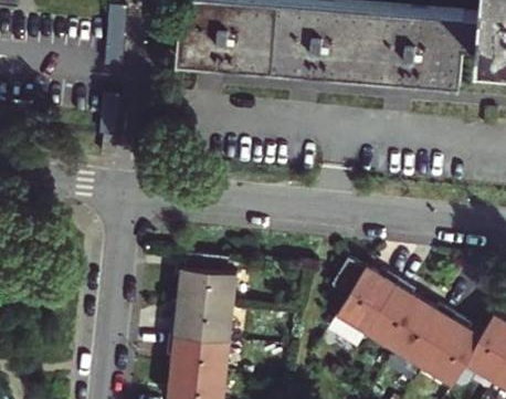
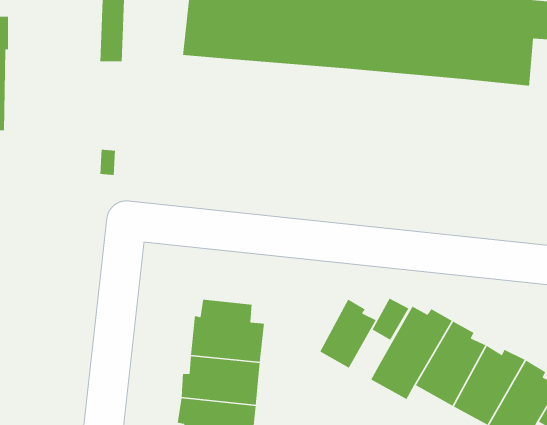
building: none -> [319,298,377,369]

